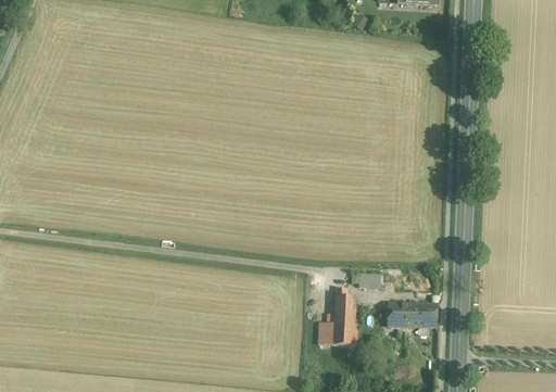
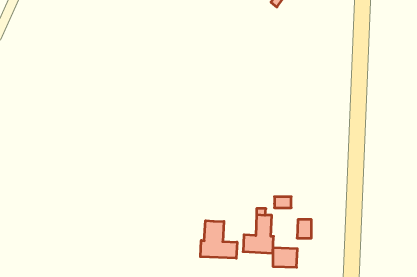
building: [406,302,438,327] -> [273,248,297,267]
building: none -> [200,221,237,258]

